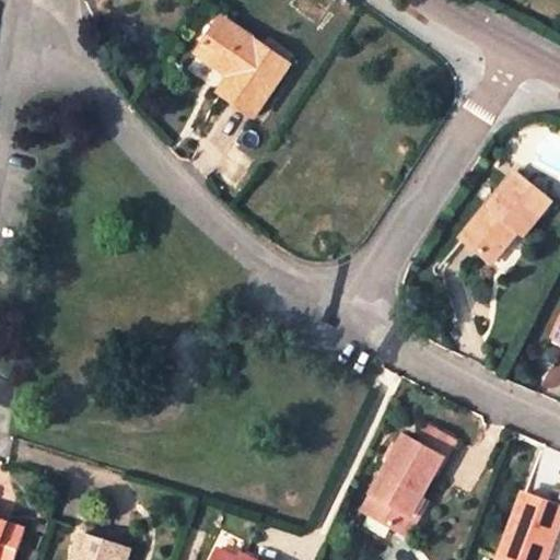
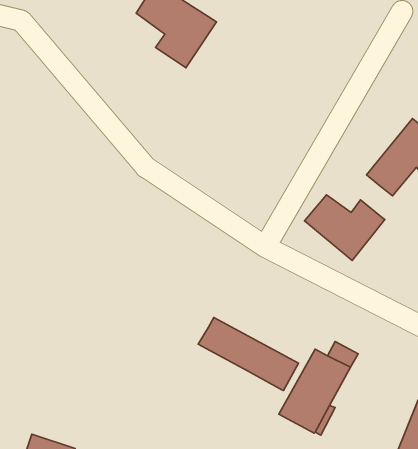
building: none -> [304,195,385,260]
building: none -> [198,318,299,390]

